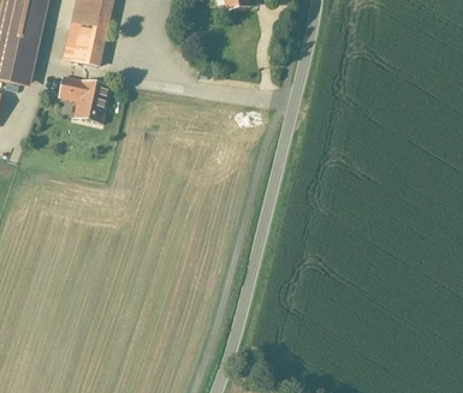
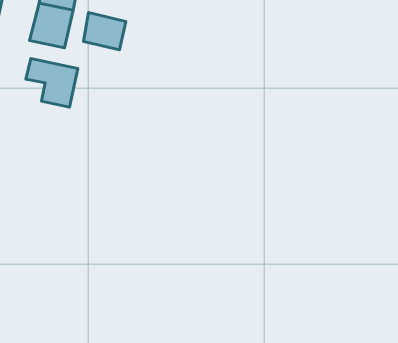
building: none -> [83,13,126,50]

